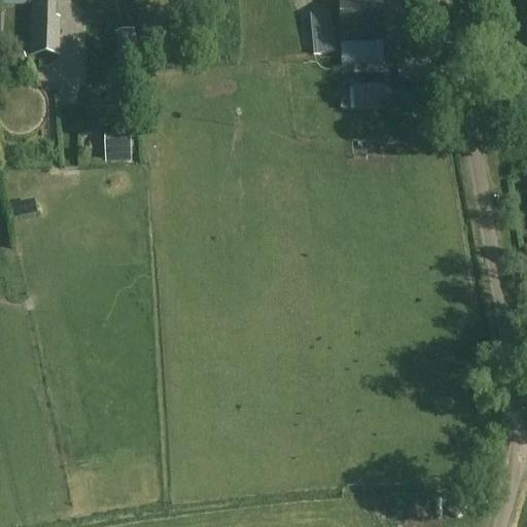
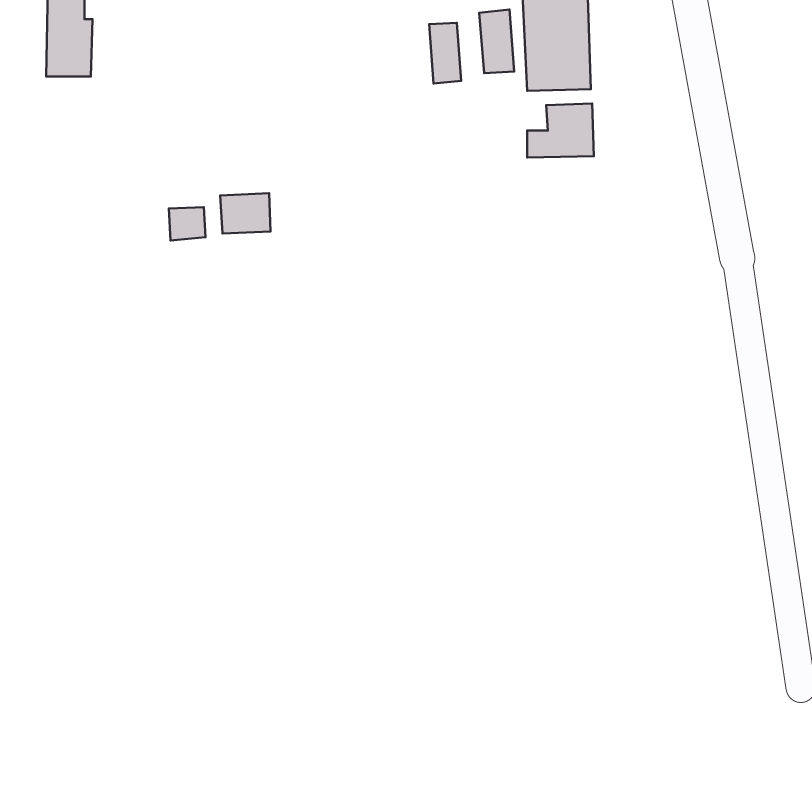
building: none -> [429,23,461,84]
building: none -> [220,193,270,234]

